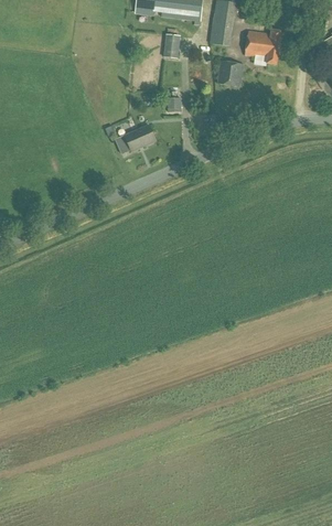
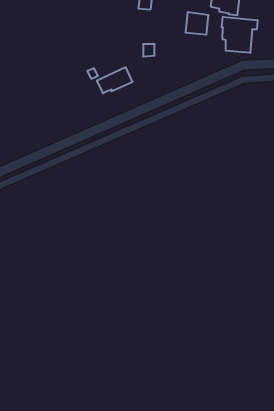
building: none -> [222,17,258,53]

